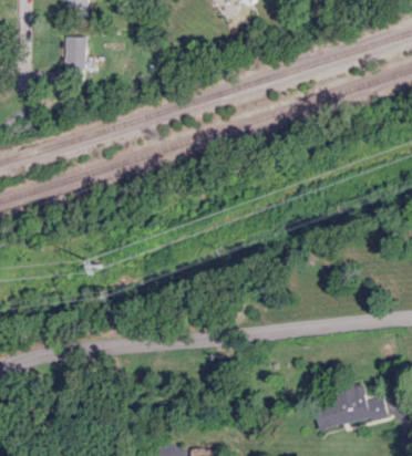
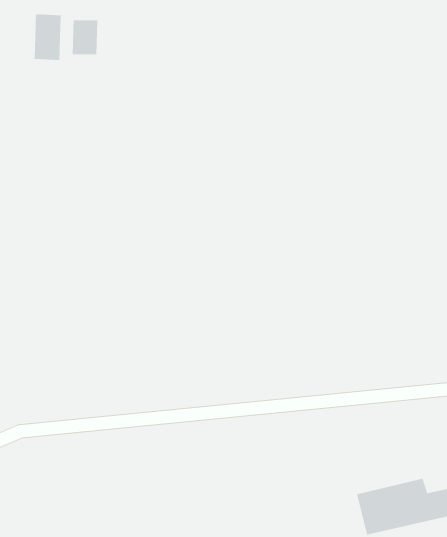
building: none -> [72,20,98,55]

